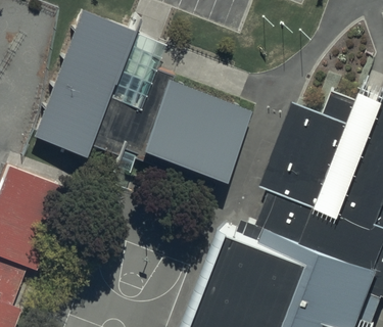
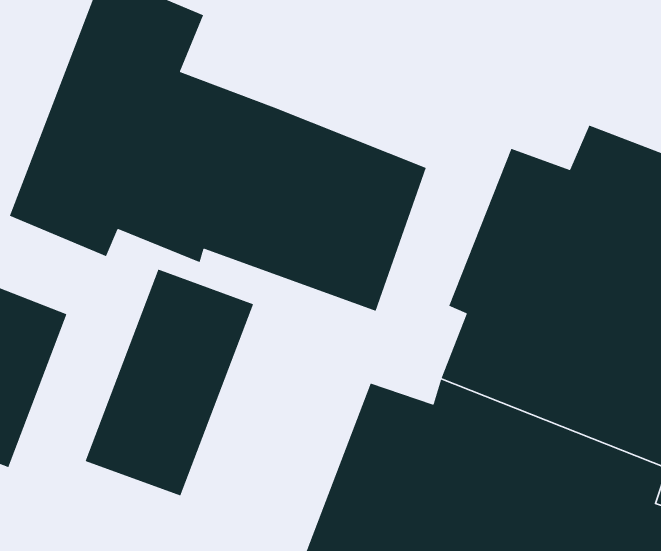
building: none -> [85,269,254,496]

